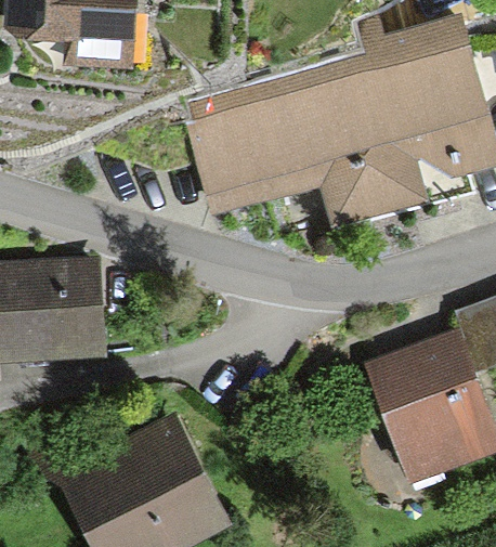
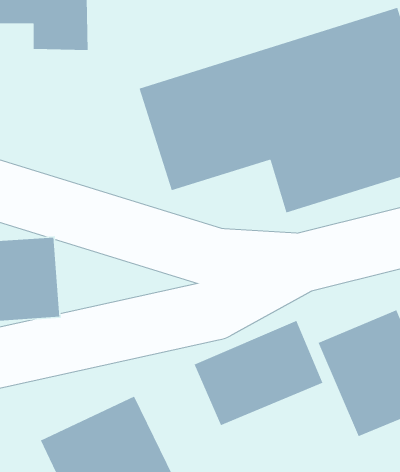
building: none -> [194,320,323,426]

